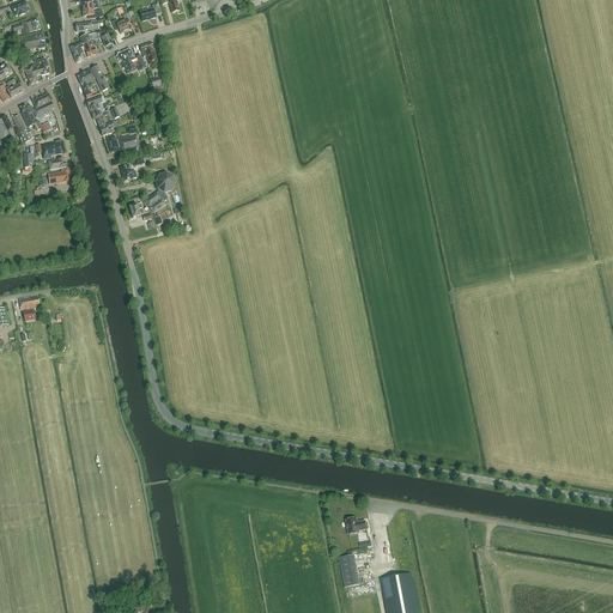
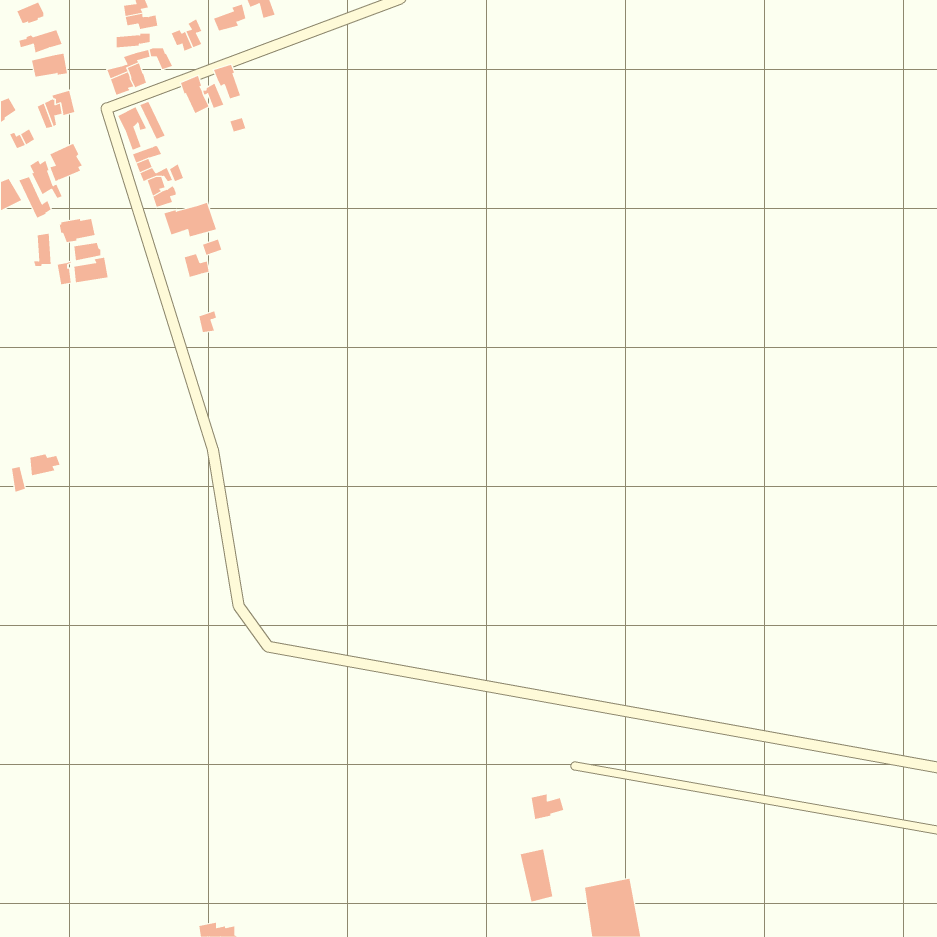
building: [146,172,176,213] -> none

